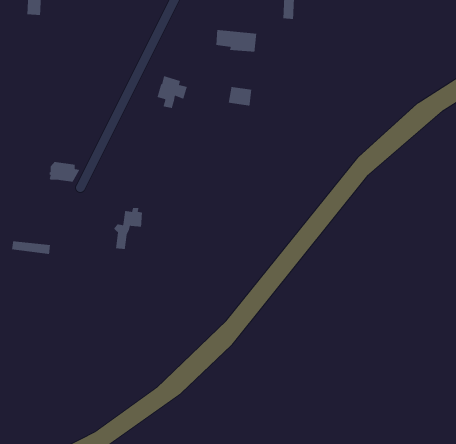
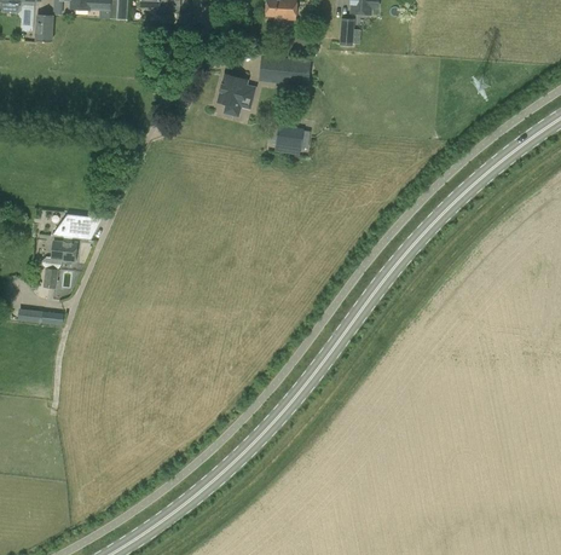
building: [156,75,188,109] -> [218,75,255,115]
building: [113,207,143,250] -> [41,237,76,288]

